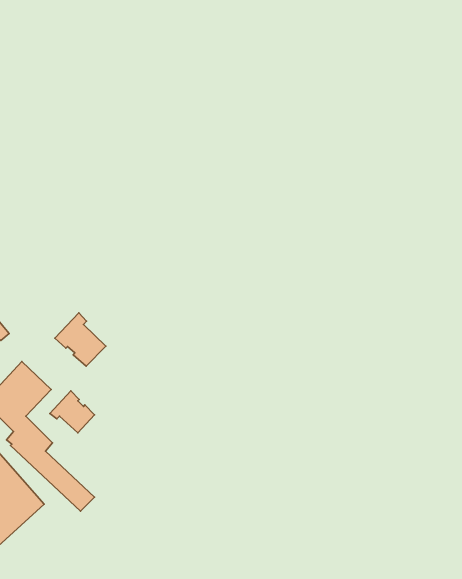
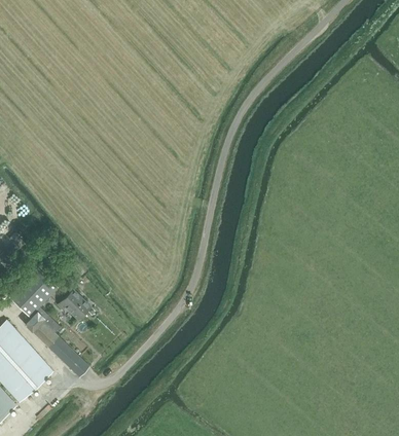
building: [55,313,106,366] -> none

